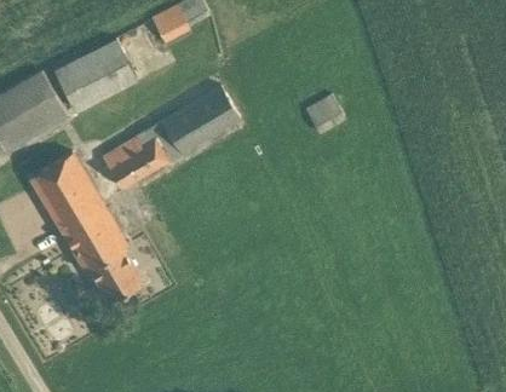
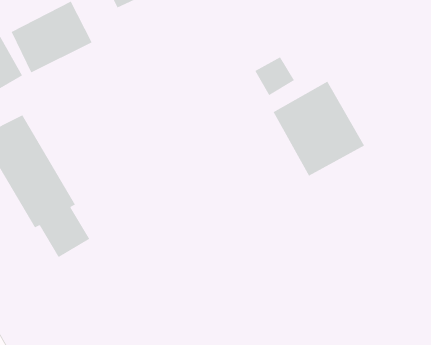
building: [100,87,238,189] -> none
building: none -> [273,81,365,177]

